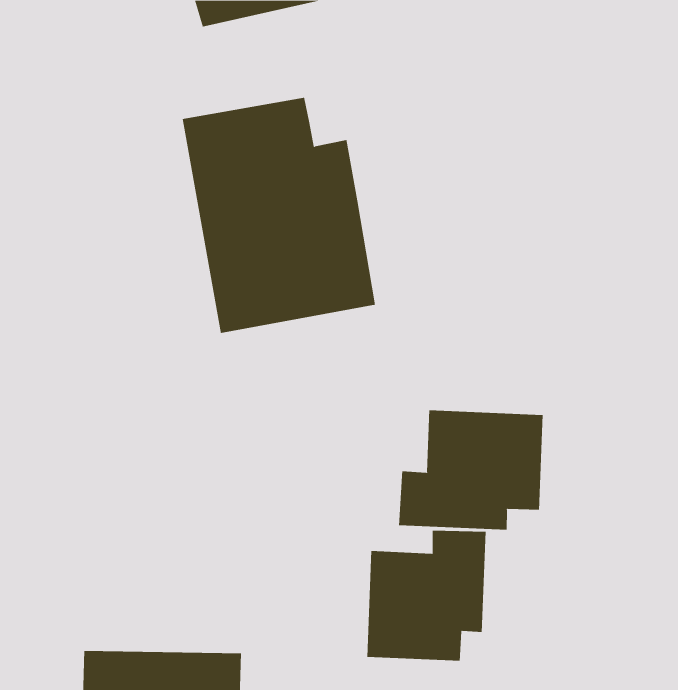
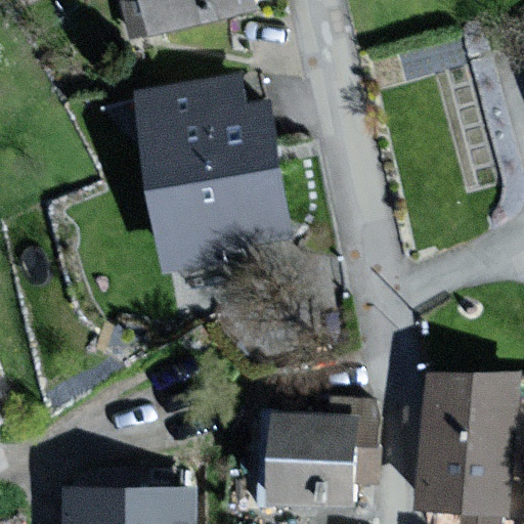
building: [399,410,543,530] -> none
building: none -> [417,377,504,511]

